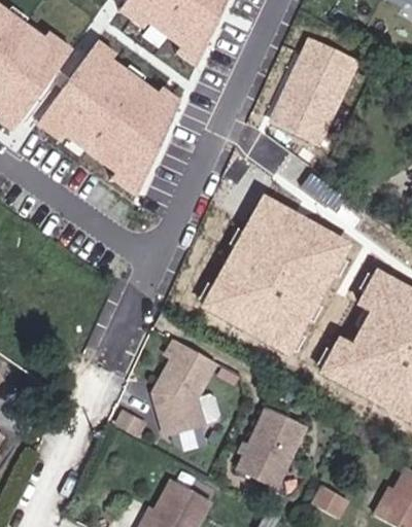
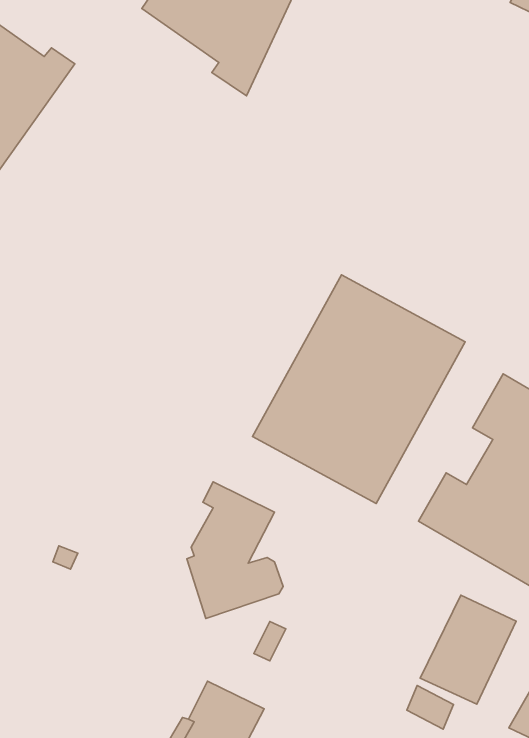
building: [270,37,357,140] -> none
building: [38,40,183,198] -> none
building: [240,407,308,484] -> [420,595,516,704]

